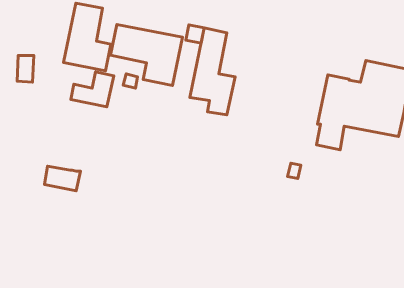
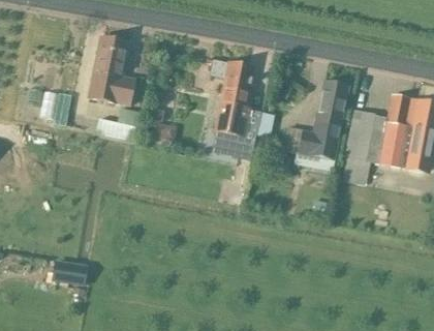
building: [110,24,182,85] -> none
building: none -> [298,81,348,159]
building: [44,166,80,191] -> [52,259,88,283]

